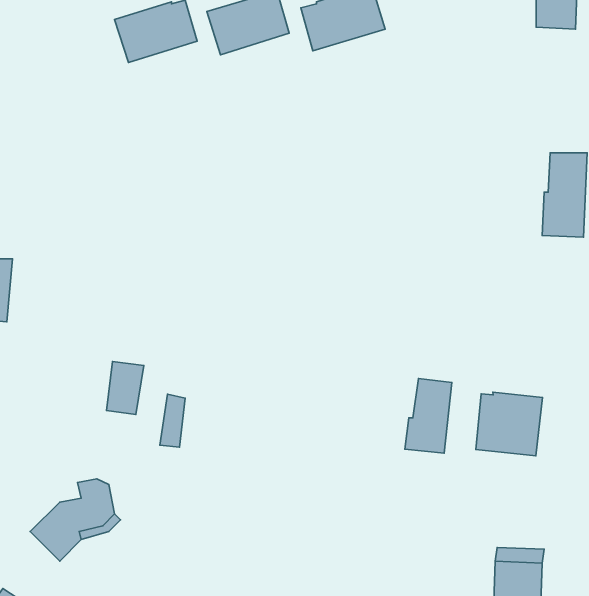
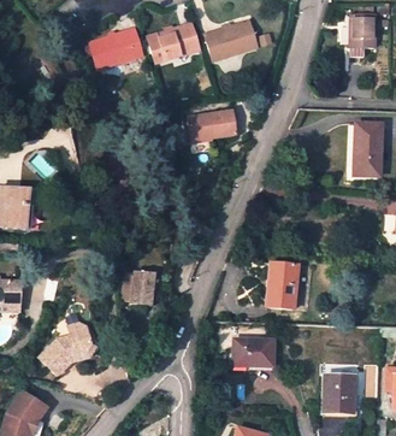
building: none -> [185,111,234,143]
building: [107,362,144,415] -> [130,275,153,307]
building: [476,392,542,456] -> none
building: none -> [234,338,273,366]

